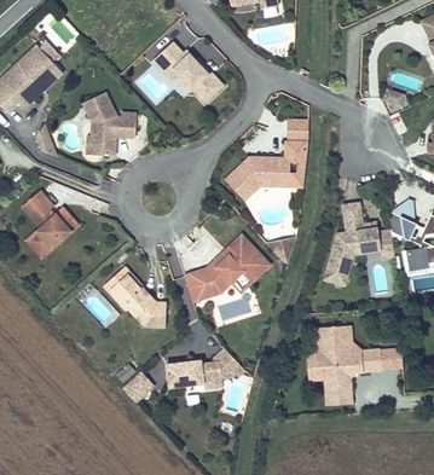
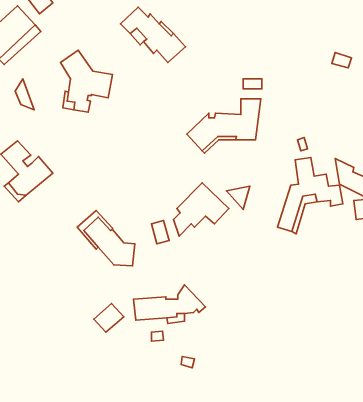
building: [185,261,233,296] -> none
building: [316,328,381,401] -> none

